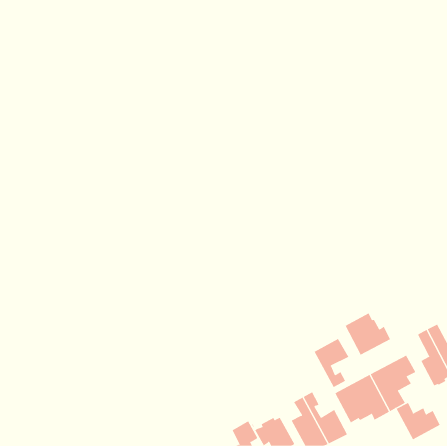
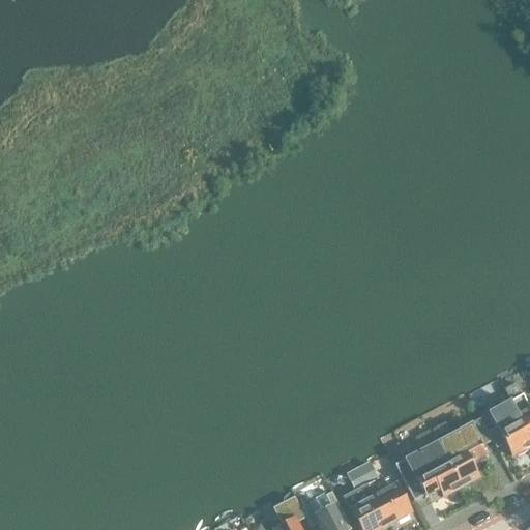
building: [345,313,391,356] -> none
building: [314,338,349,388] -> none
building: [396,402,441,440] -> none

